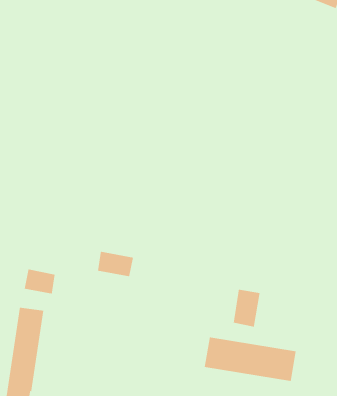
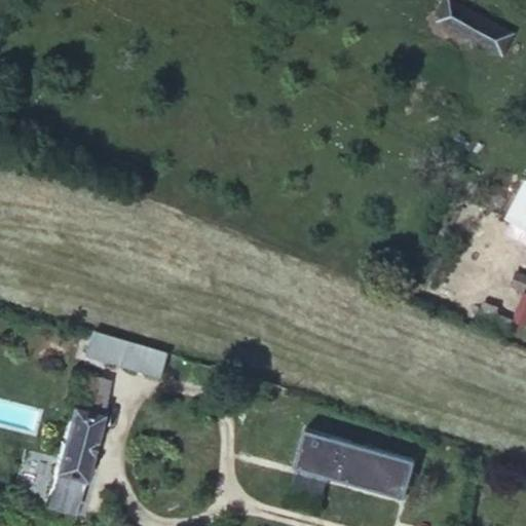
building: [97,251,134,277] -> [123,341,170,376]
building: [233,289,260,327] -> none

